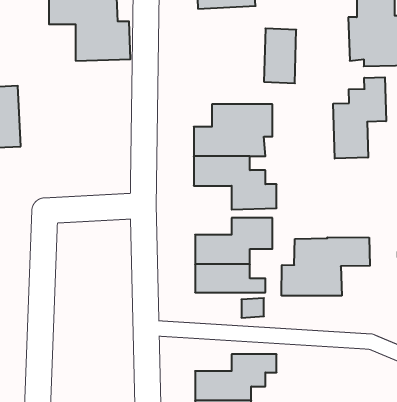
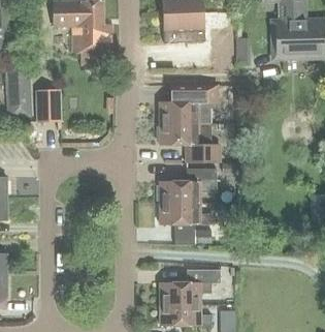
building: none -> [162,13,205,44]
building: [333,77,386,159] -> none
building: none -> [35,89,60,123]
building: [282,237,370,296] -> none

